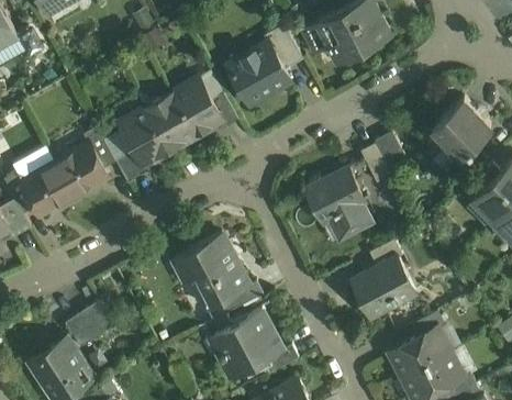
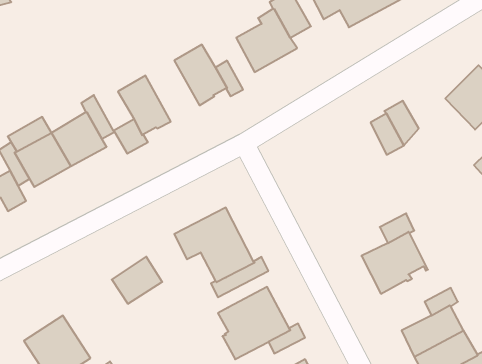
building: [144,95,196,153] -> none
building: [304,169,370,241] -> none
building: [64,302,112,347] -> [112,257,162,304]

